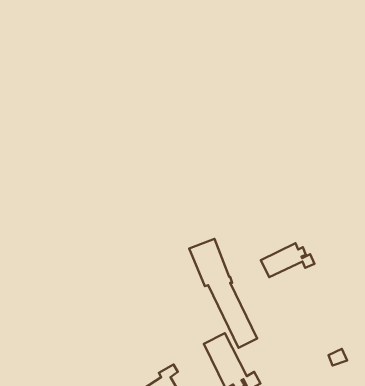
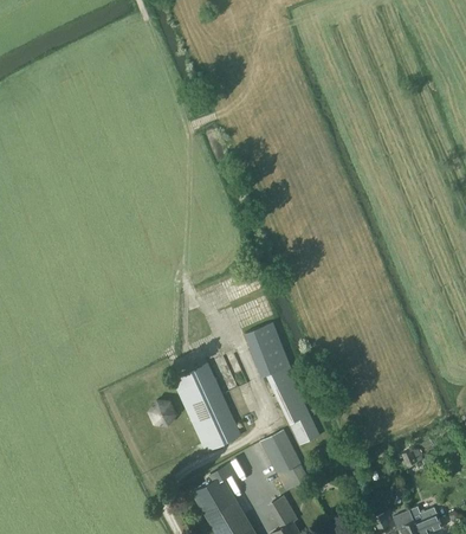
building: [261,243,314,277] -> none
building: none -> [173,363,242,452]

